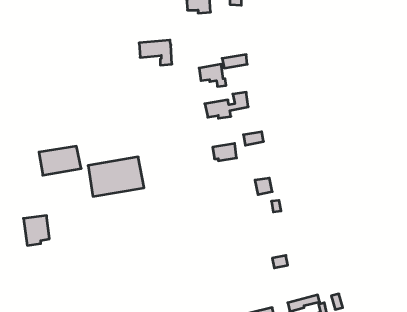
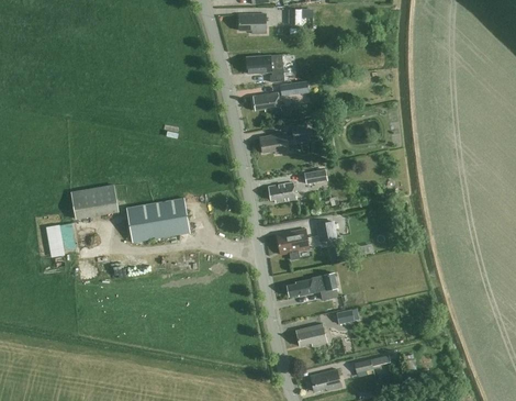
building: [139,40,172,65] -> [246,53,283,81]
building: none -> [276,229,309,254]
building: [23,216,49,245] -> [48,221,78,255]
building: none -> [287,272,338,299]
building: none -> [295,323,327,345]

